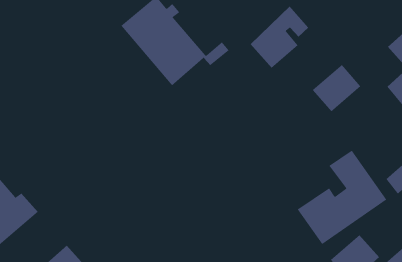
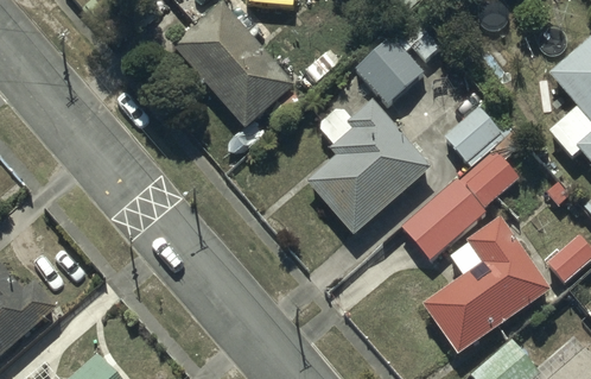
building: none -> [306,99,430,235]
building: none -> [400,130,523,259]

